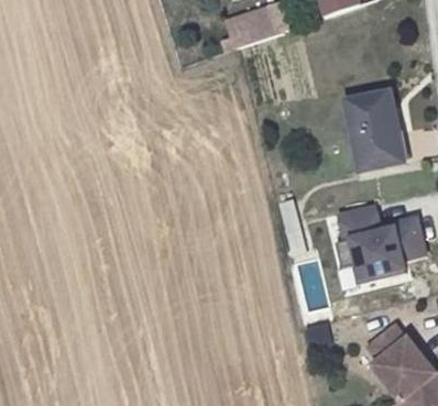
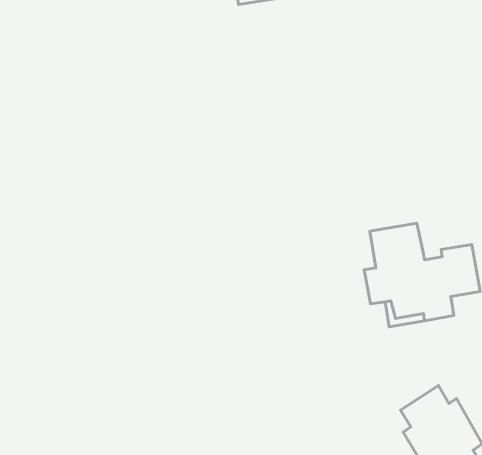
building: [347,89,401,169] -> none

